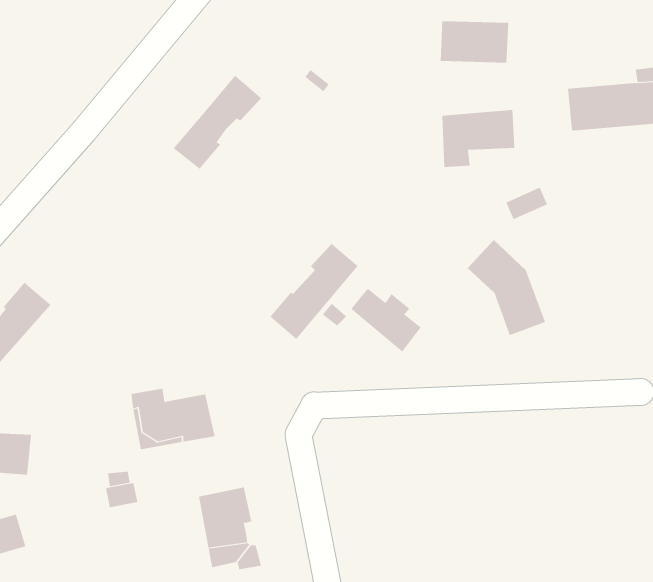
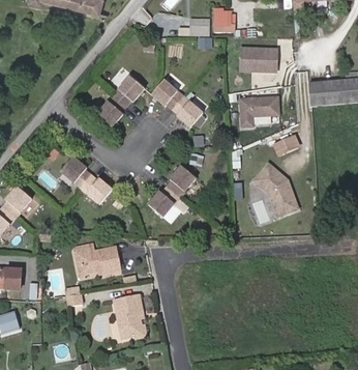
building: none -> [152,80,203,127]
building: none -> [61,156,113,204]
building: [351,288,422,353] -> none

